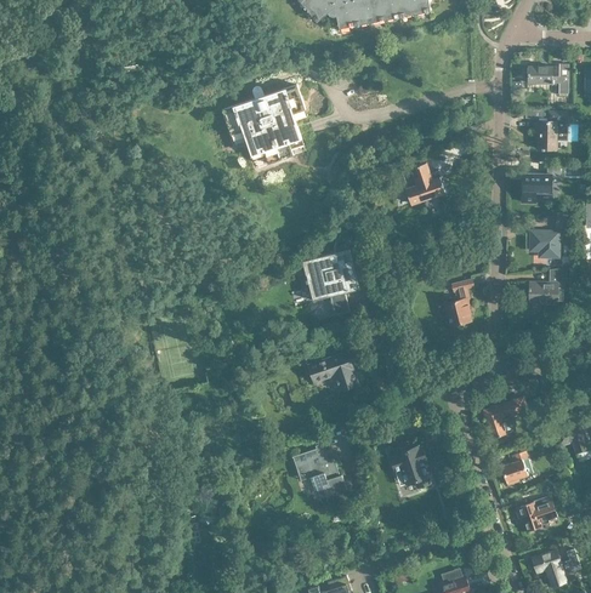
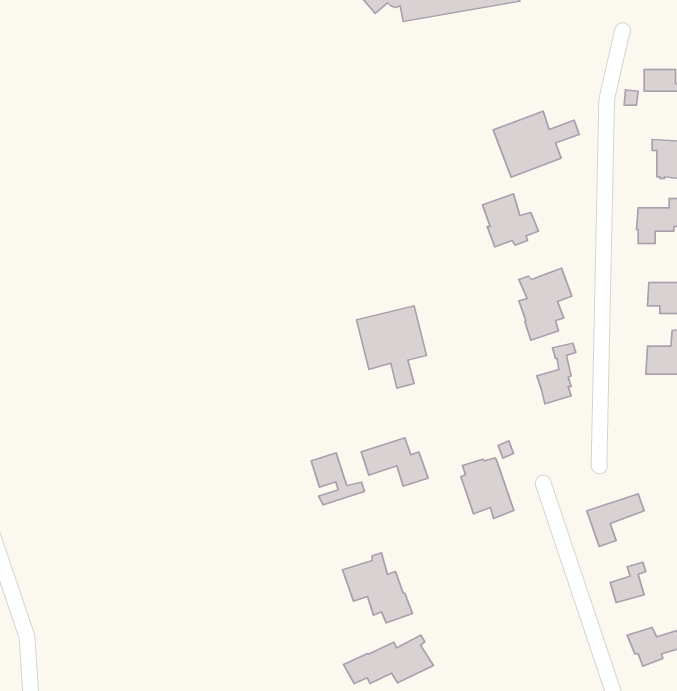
building: [220,84,318,164] -> none
building: none -> [493,111,579,177]
building: none -> [519,268,572,340]
building: none -> [311,453,364,505]
building: [390,441,431,489] -> [461,458,514,518]
building: none -> [343,635,433,684]

